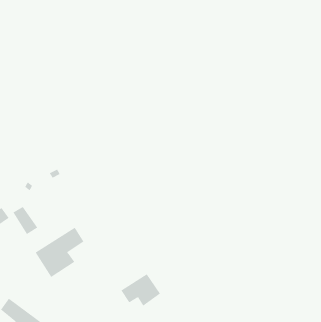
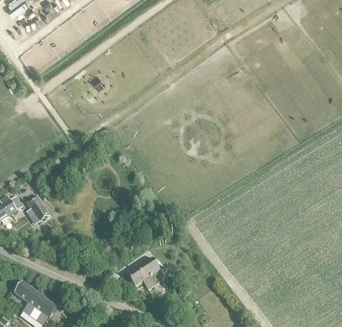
building: [35,227,84,278] -> none

